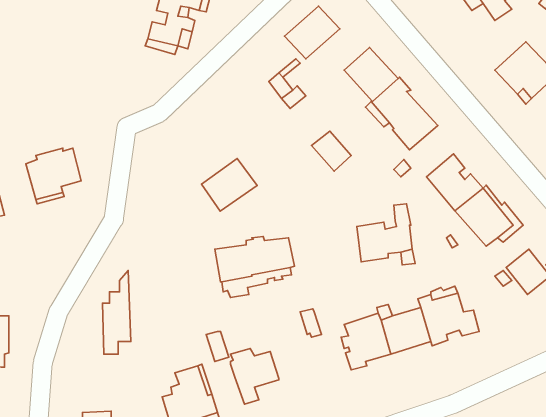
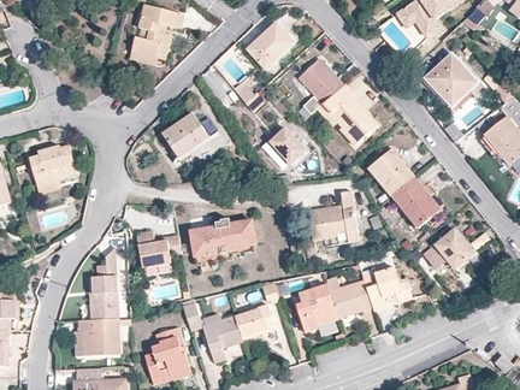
building: [202,159,257,211] -> [161,112,208,156]
building: none -> [135,231,181,268]
building: none -> [234,303,274,338]
building: none -> [76,318,119,354]

